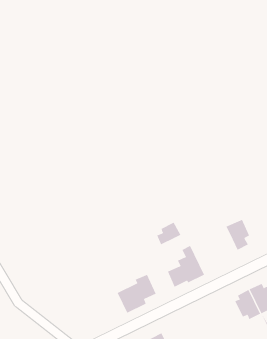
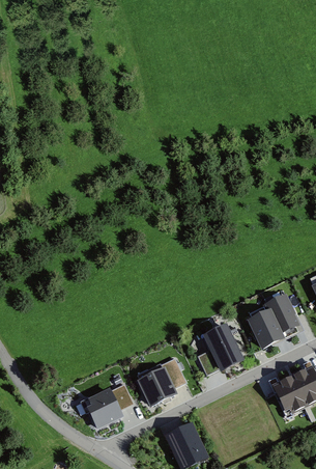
building: [157,222,181,245] -> none
building: none -> [250,311,281,346]
building: none -> [87,382,131,424]

